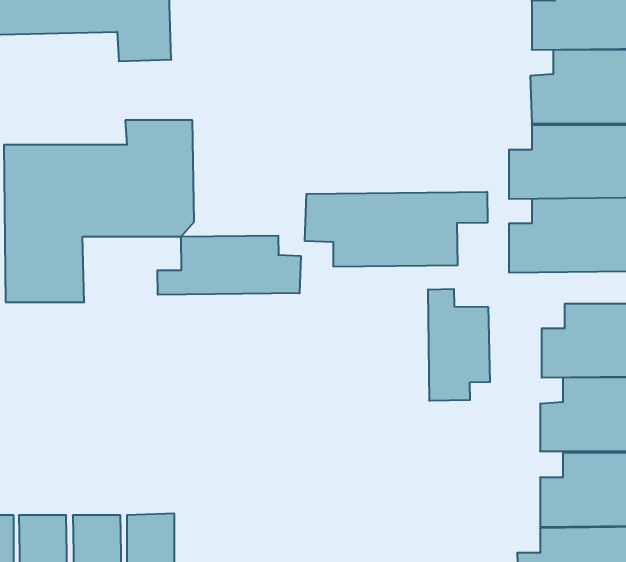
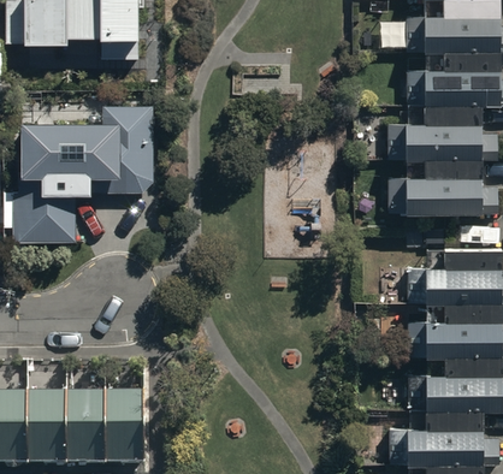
building: [305,192,487,267] -> none
building: [157,236,301,295] -> none
building: [428,289,490,401] -> none

